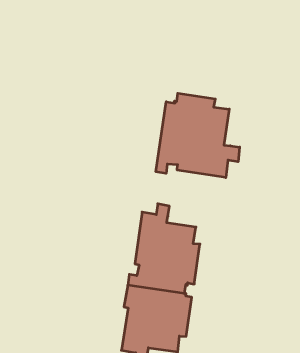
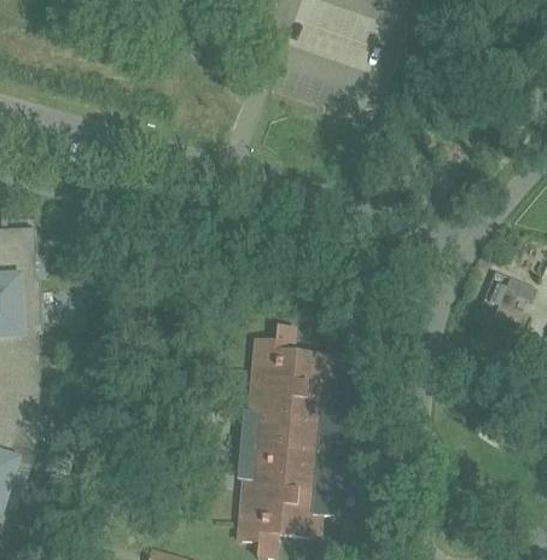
building: [156,93,240,178] -> none

